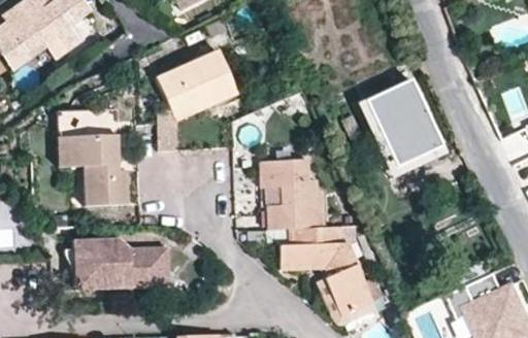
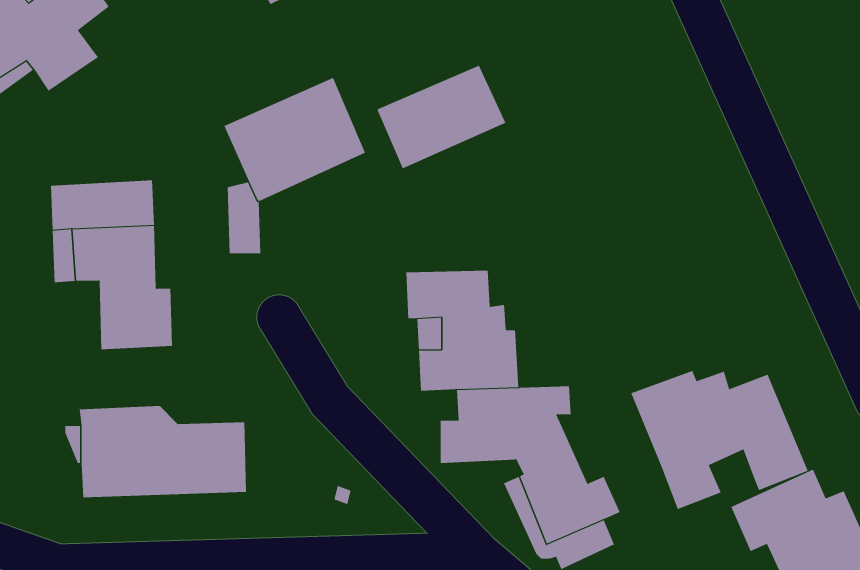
building: none -> [377,65,506,169]
building: [366,79,443,168] -> none
building: none -> [631,370,809,510]

